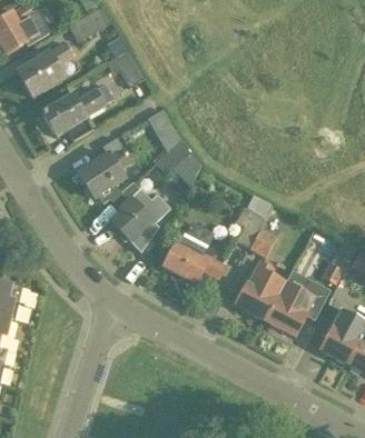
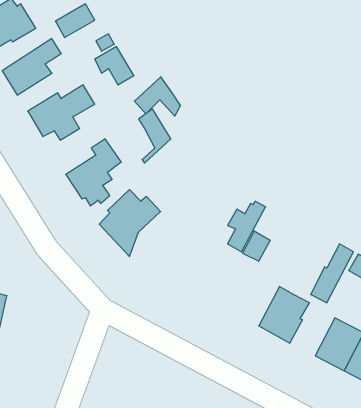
building: [155,138,199,176] -> [134,77,181,116]
building: [162,231,225,281] -> none
building: [235,258,285,318] -> none

